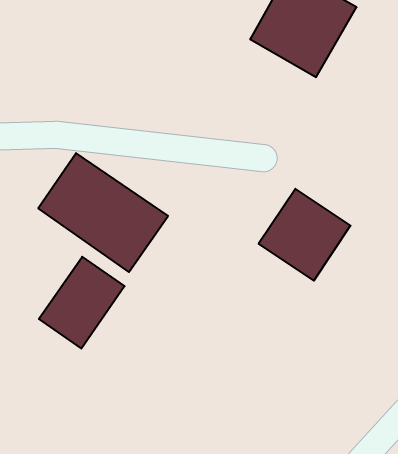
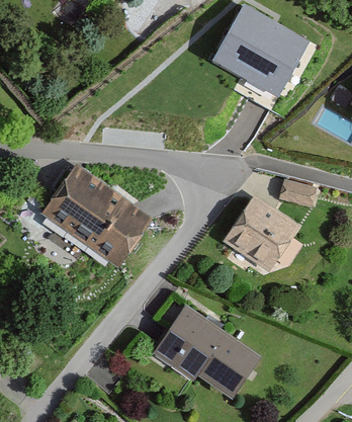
building: [39,257,125,349] -> none
building: none -> [152,307,257,396]

